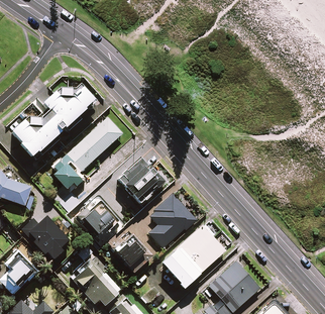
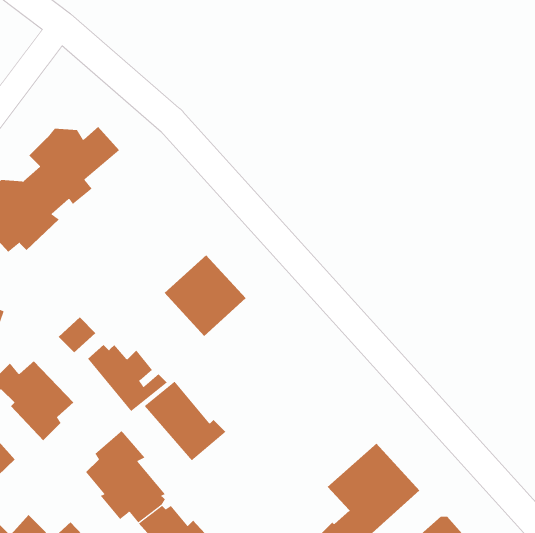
building: [53,117,122,189] -> none
building: [148,196,194,248] -> none
building: [161,224,225,287] -> none

